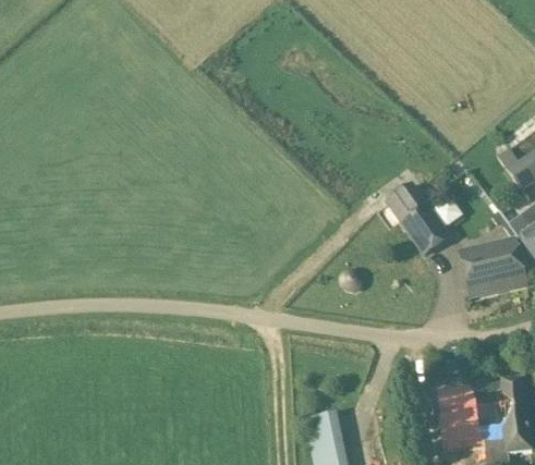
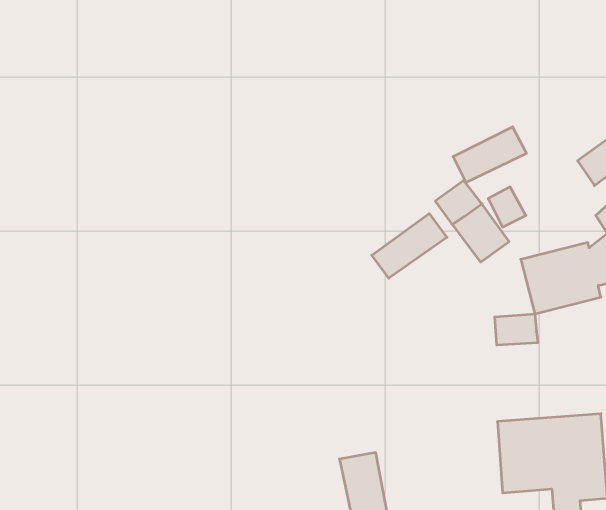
building: none -> [453,127,526,182]
building: none -> [372,214,447,278]
building: none -> [495,314,538,345]

